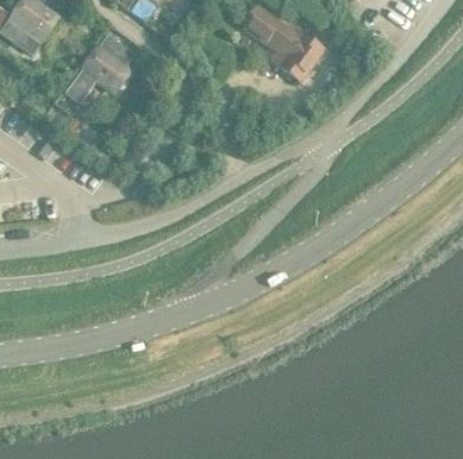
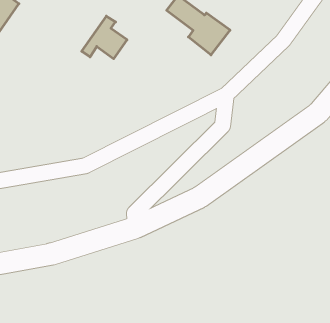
building: [74,38,131,92] -> [82,16,127,59]

